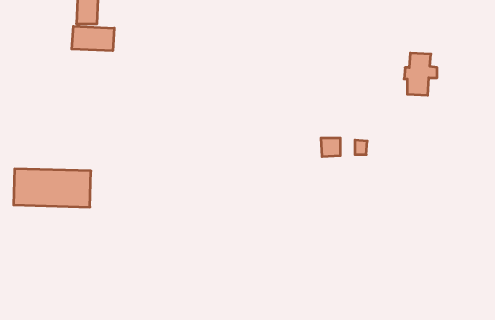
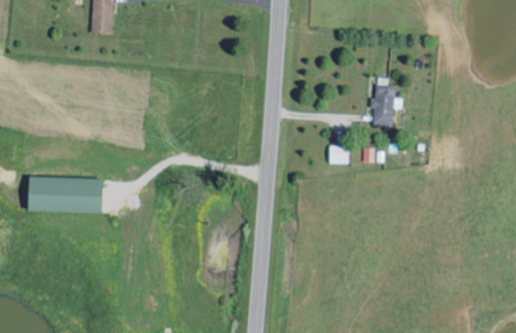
building: [72,26,114,51] -> none
building: [404,53,437,95] -> [370,85,402,126]

